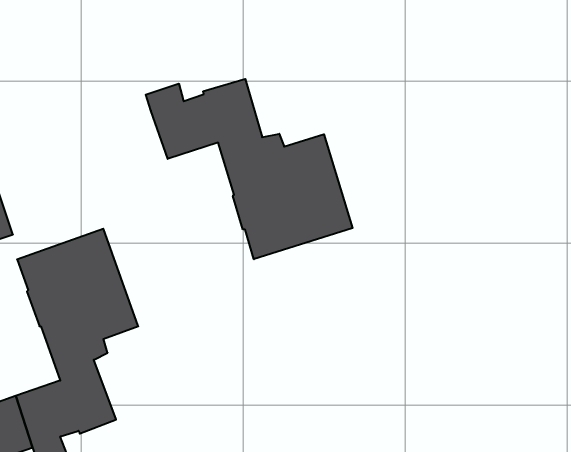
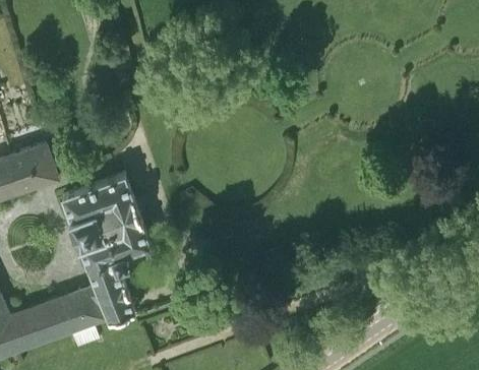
building: [146,79,353,259] -> none

